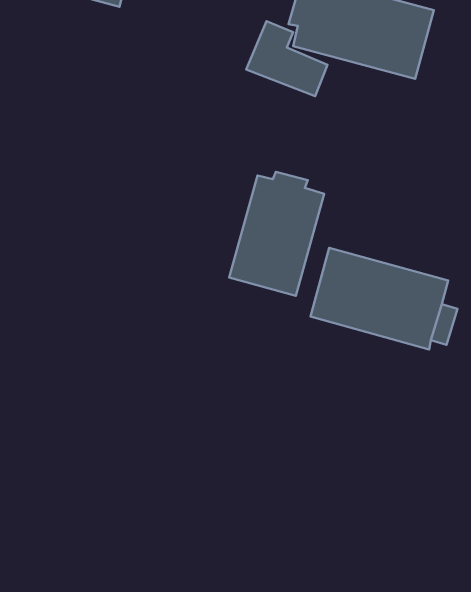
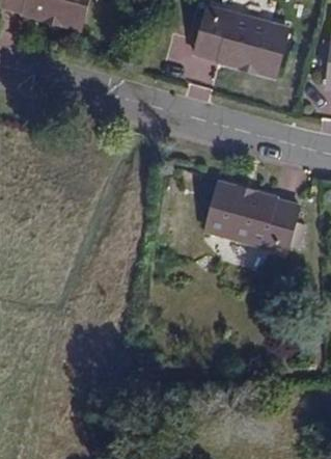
building: [229,172,324,296] -> none

